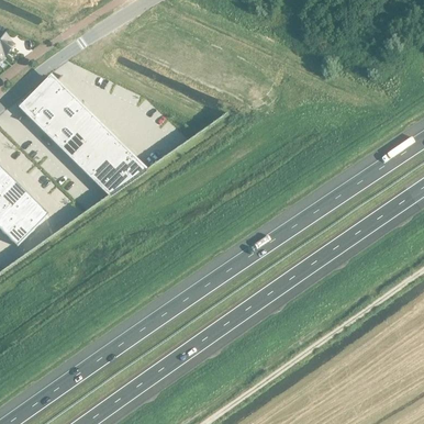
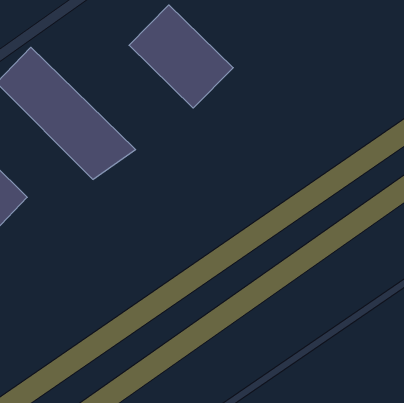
building: none -> [129,5,233,108]

